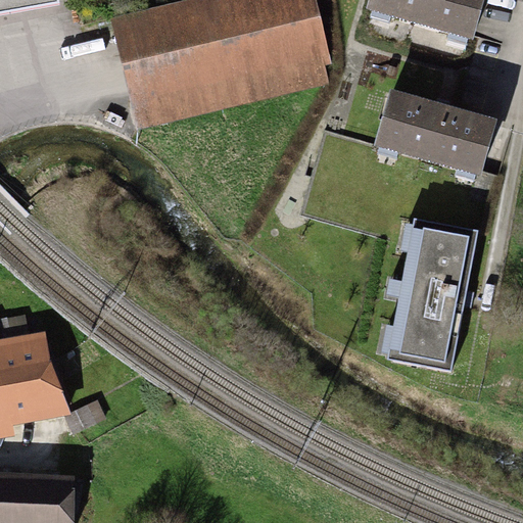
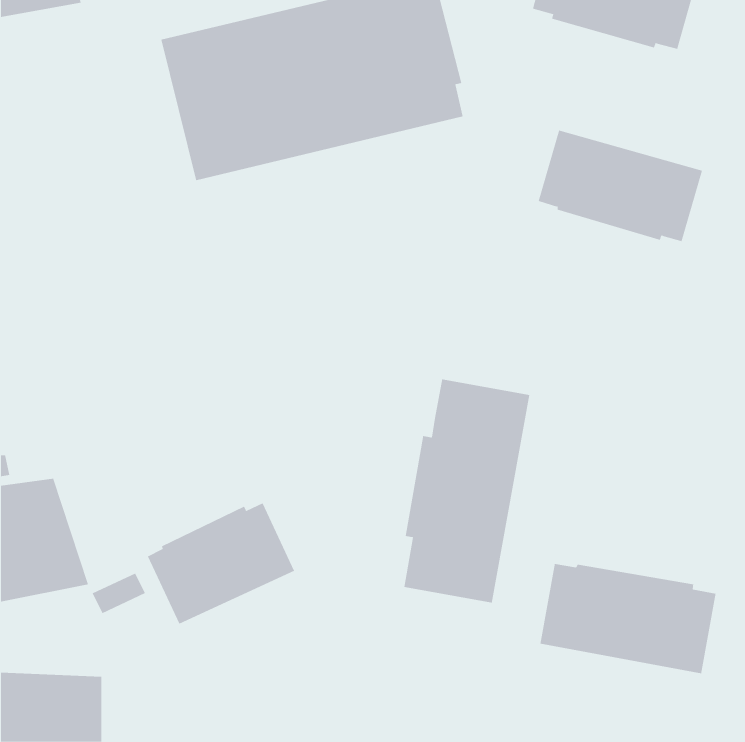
building: [393,215,482,372] -> [403,379,530,603]
building: none -> [147,503,295,625]
building: none -> [540,563,716,674]

